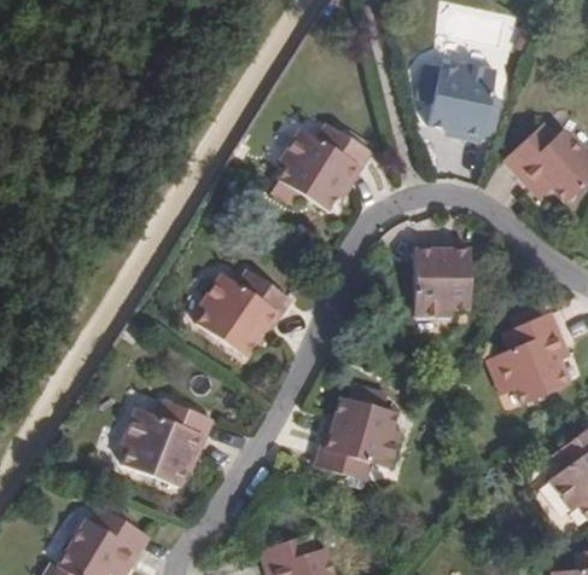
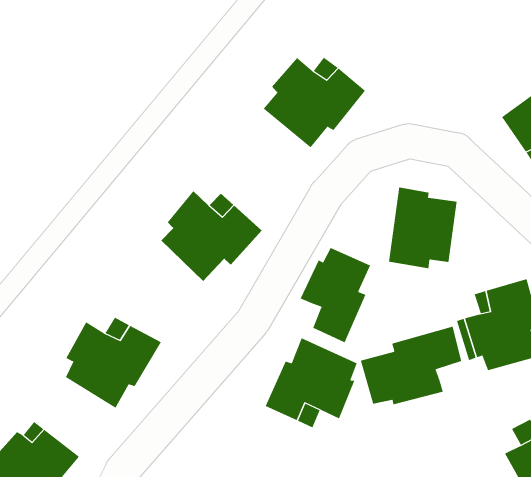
building: [423,63,497,144] -> none
building: none -> [300,247,371,343]
building: none -> [360,326,462,405]

